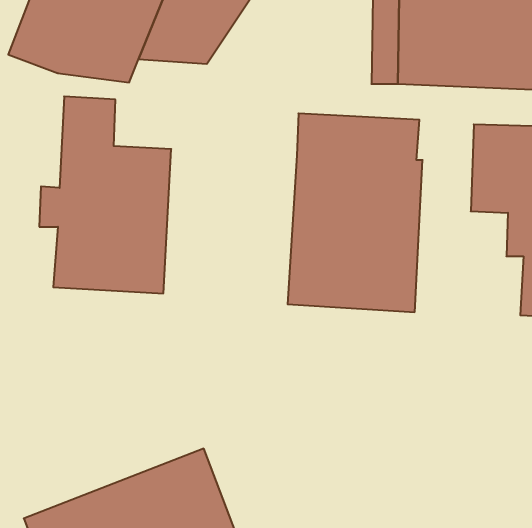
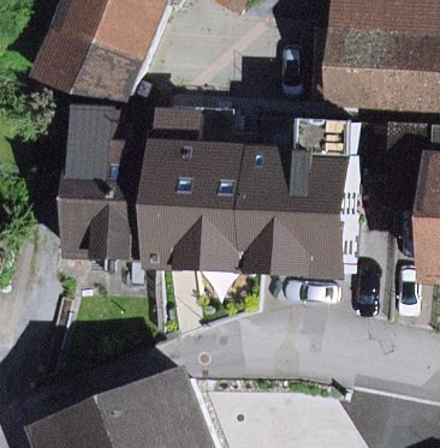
building: none -> [153,115,256,268]

